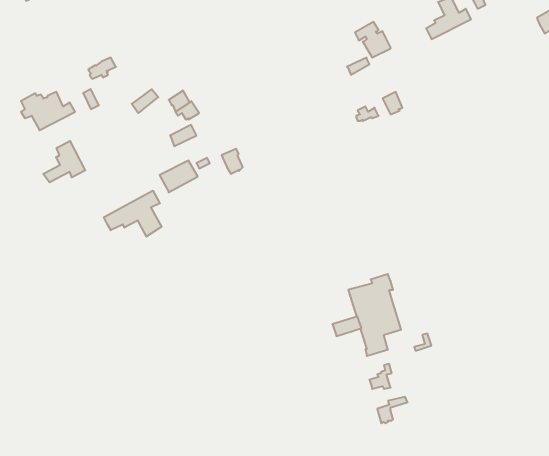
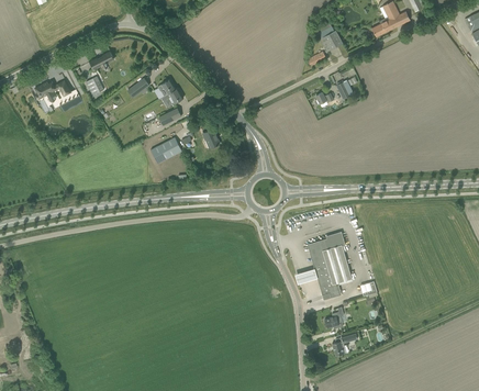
building: [43,141,85,182] -> none
building: [104,191,162,237] -> none

